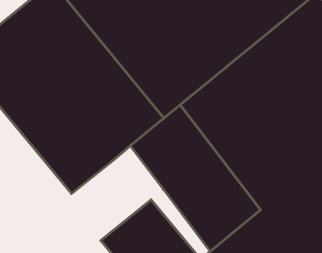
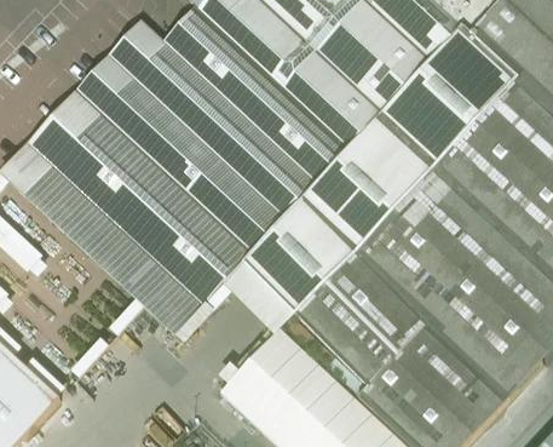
building: none -> [224,262,296,336]

